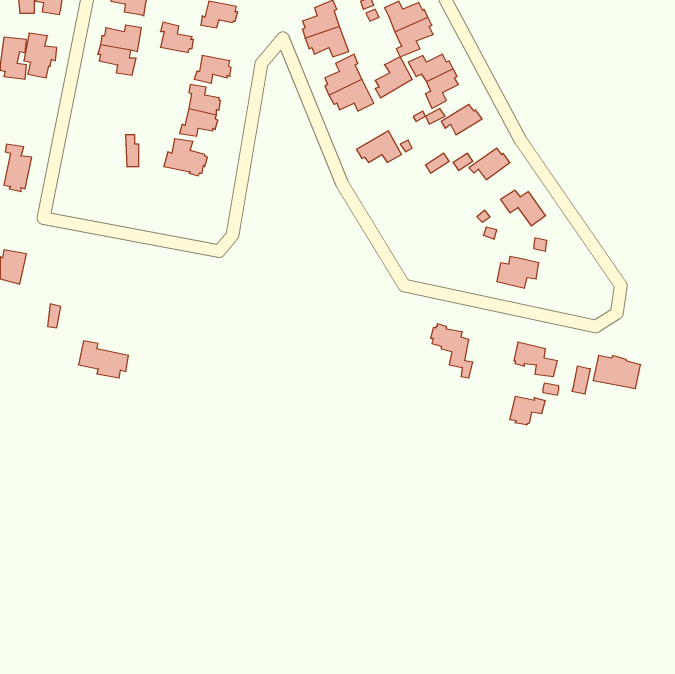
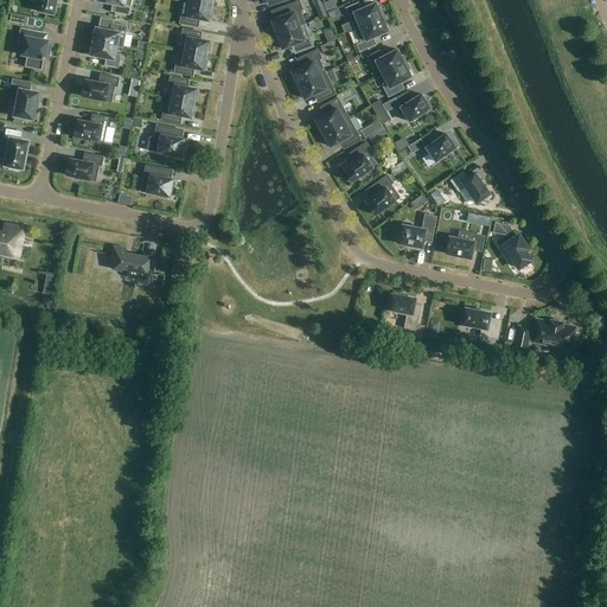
building: [160,22,193,53] -> [181,27,211,55]
building: [375,57,412,98] -> [315,97,349,134]
building: none -> [82,75,120,101]
building: none -> [9,79,37,120]
building: none -> [74,115,111,141]
building: none -> [344,142,377,181]
building: none -> [66,153,103,180]
building: none -> [141,165,175,198]
building: none -> [365,174,400,215]
building: none -> [396,213,436,249]
building: none -> [493,222,531,268]
building: [78,341,129,378] -> [109,245,154,279]
building: [510,396,545,425] -> none

